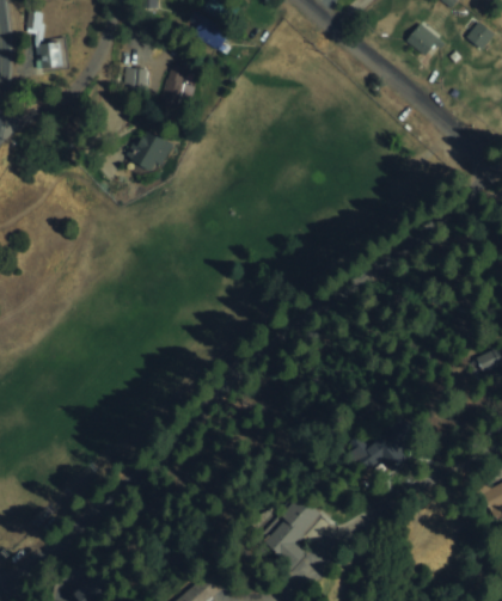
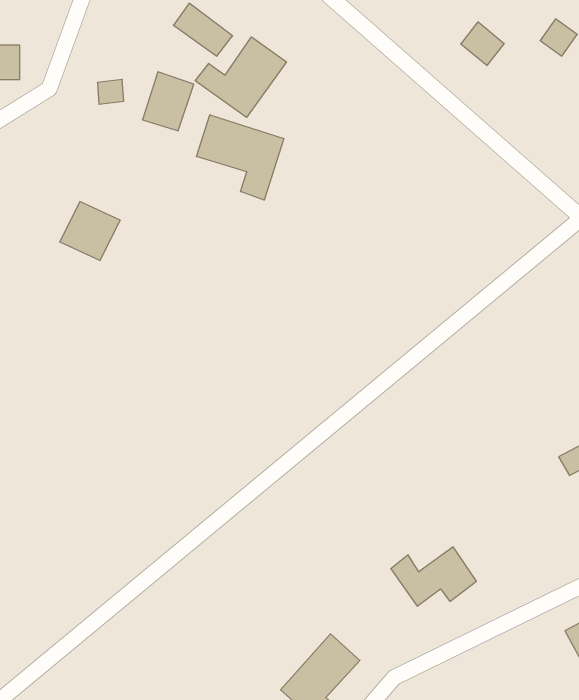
building: none -> [195,37,286,117]
building: none -> [197,115,284,200]
building: [124,128,171,173] -> [60,202,120,261]

